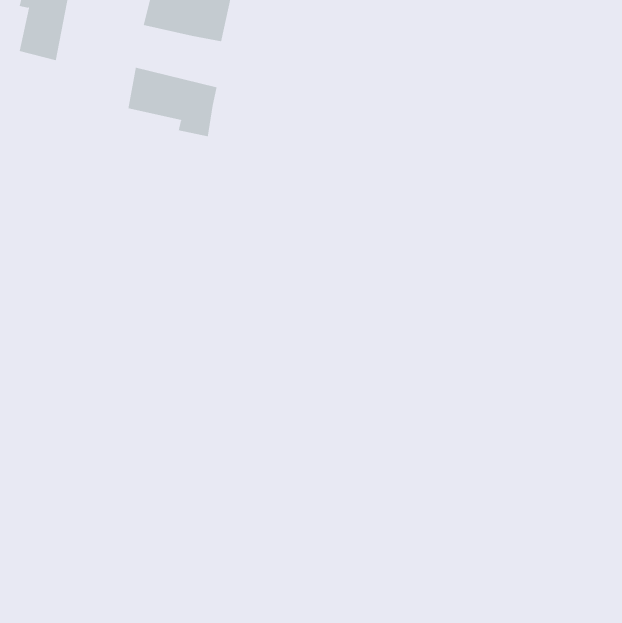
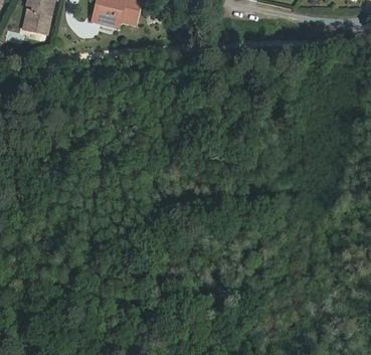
building: [128,67,217,137] -> none

